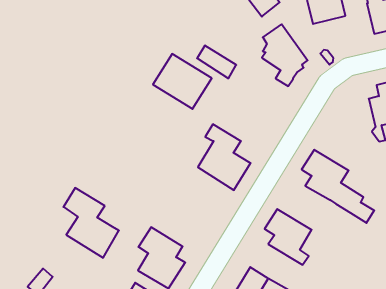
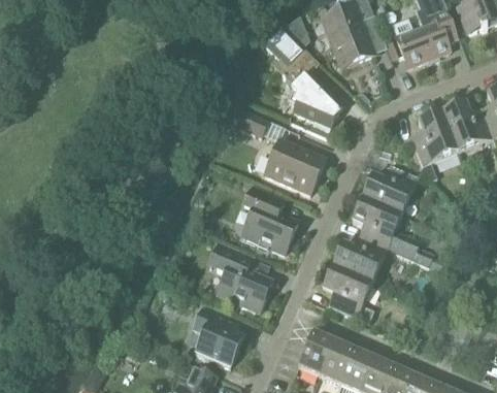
building: [153,54,212,109] -> [264,137,325,192]
building: none -> [362,163,418,214]
building: none -> [332,236,387,282]
building: [63,188,119,258] -> [209,241,271,310]

